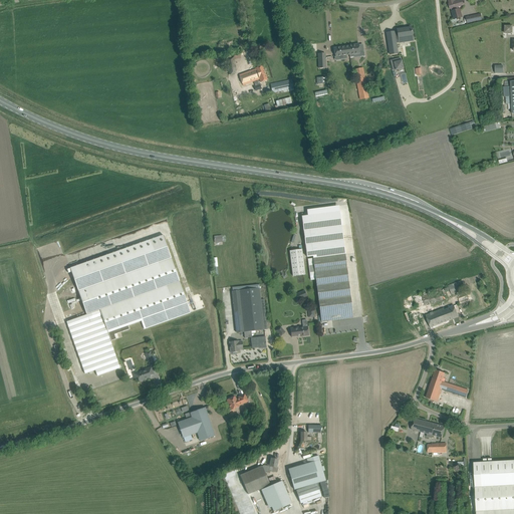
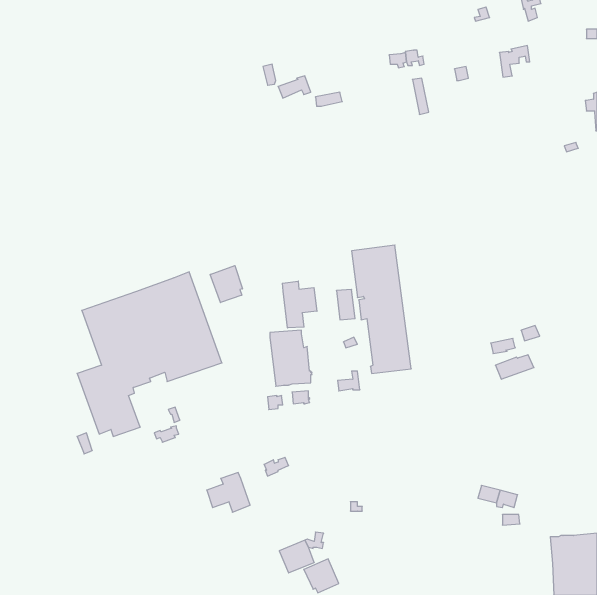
building: [387,26,413,53] -> [499,46,530,77]
building: none -> [210,266,242,303]
building: none -> [282,281,317,328]
building: [426,369,468,401] -> none
building: [288,455,325,503] -> none

